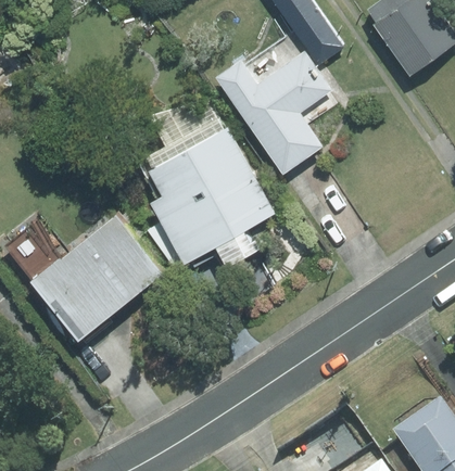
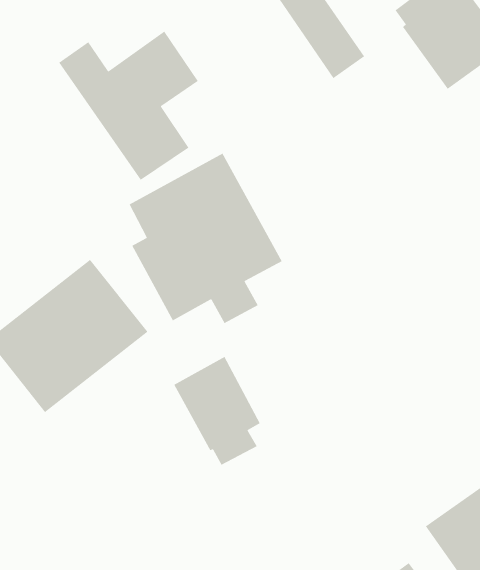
building: [215,51,330,174] -> [58,31,199,181]
building: none -> [173,356,261,466]

